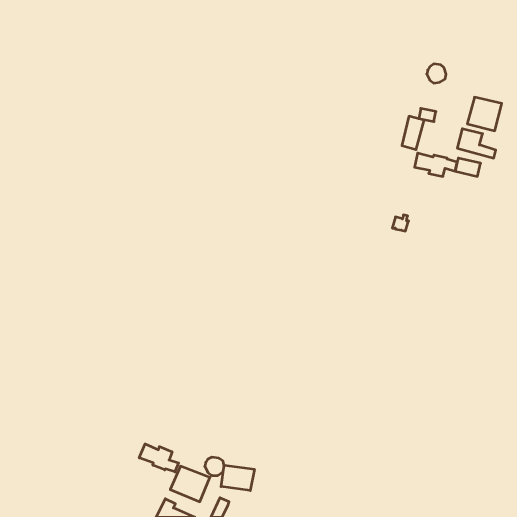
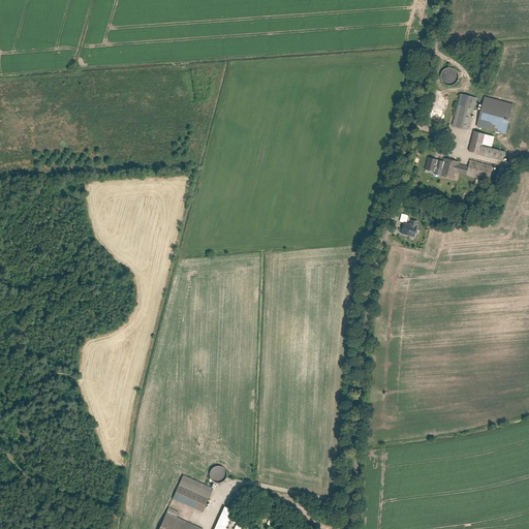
building: [402,116,424,150] -> [454,94,476,128]
building: [139,444,179,472] -> none
building: [221,465,254,491] -> none

